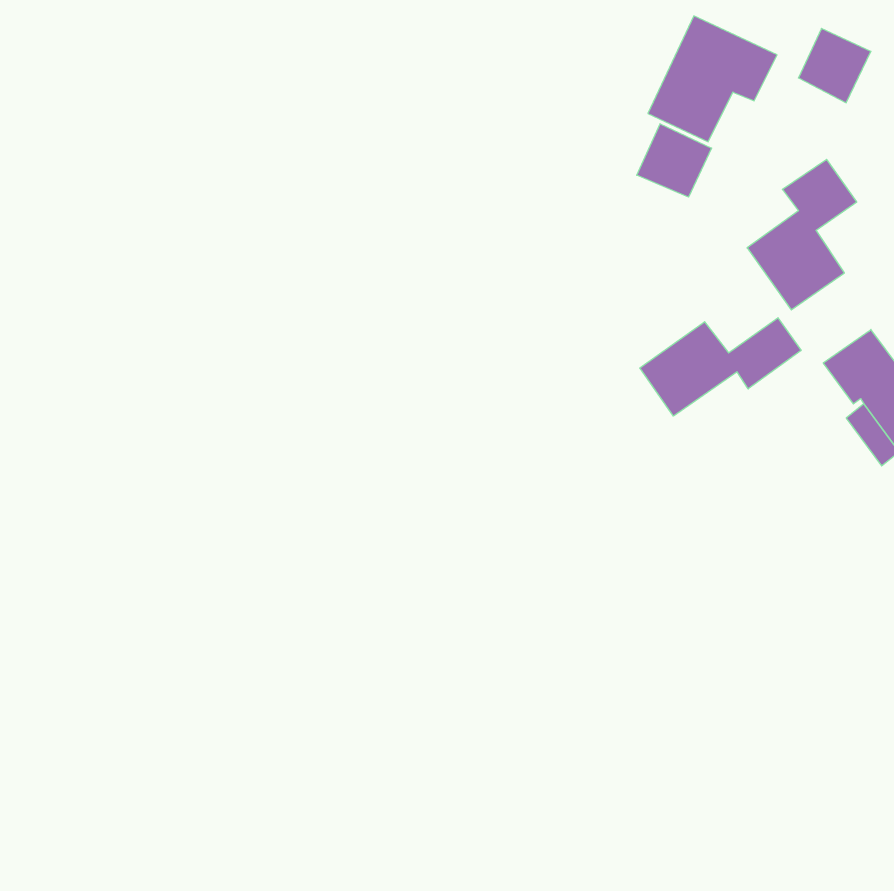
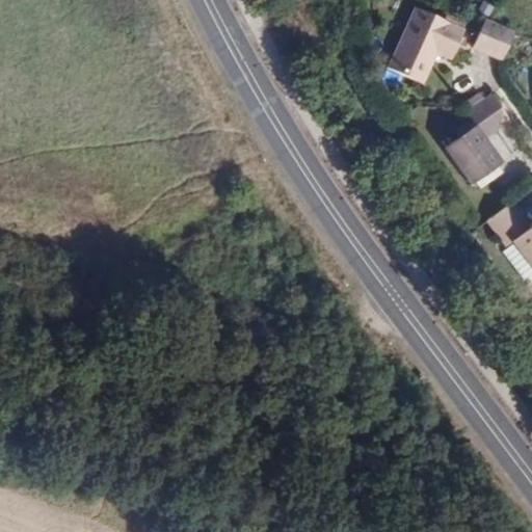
building: [637,124,712,197] -> none
building: [640,318,801,416] -> none

